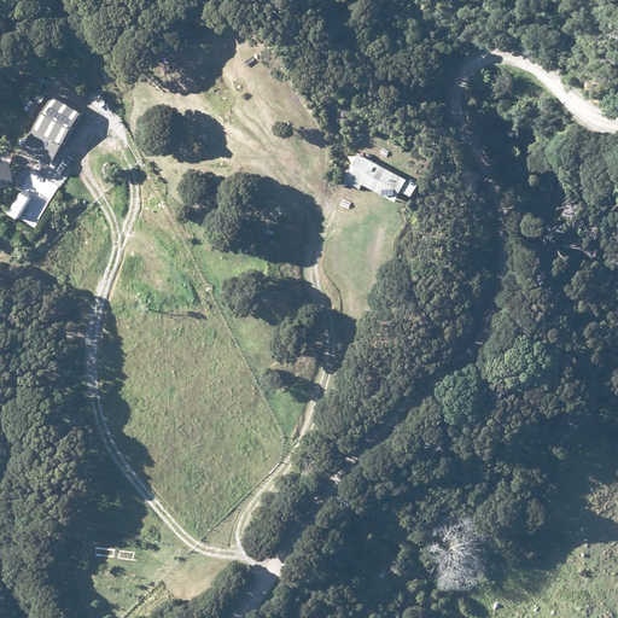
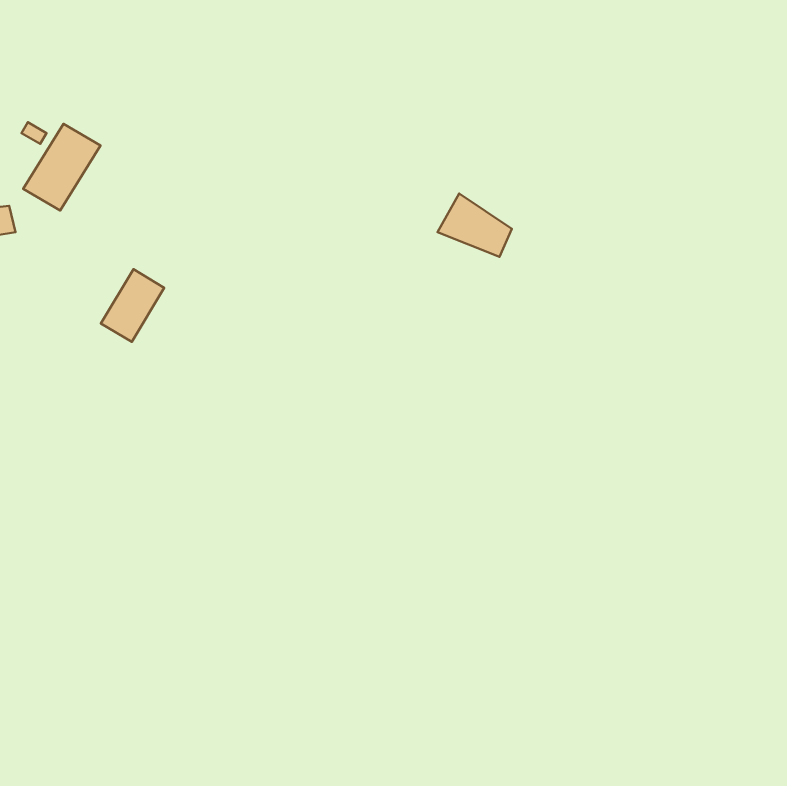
building: [8,169,58,226] -> [101,269,164,342]

